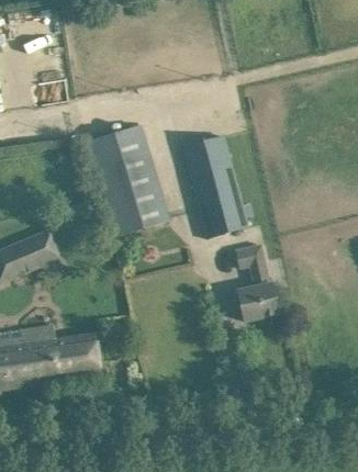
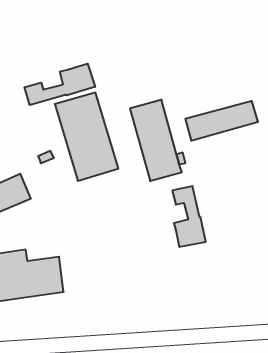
building: none -> [25,64,95,105]
building: none -> [185,101,258,141]

